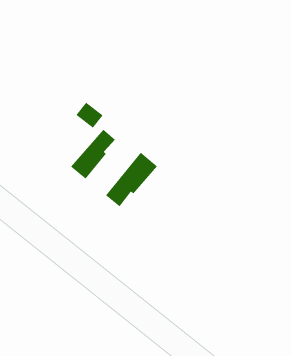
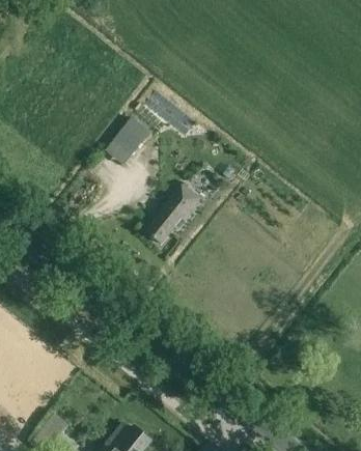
building: [70,129,116,180] -> none

